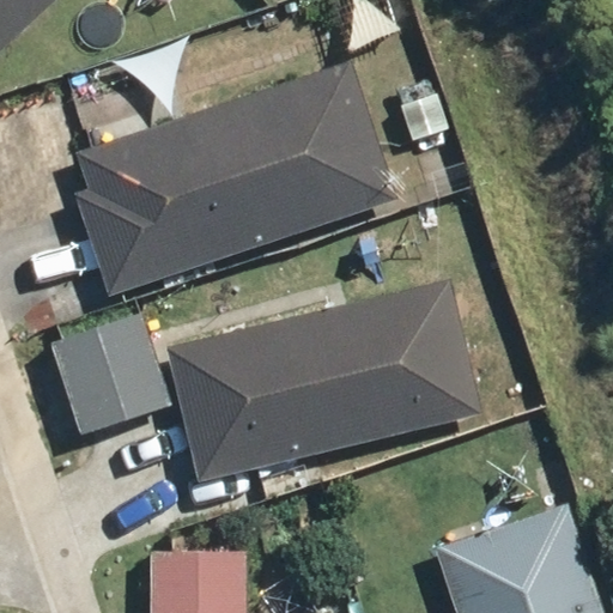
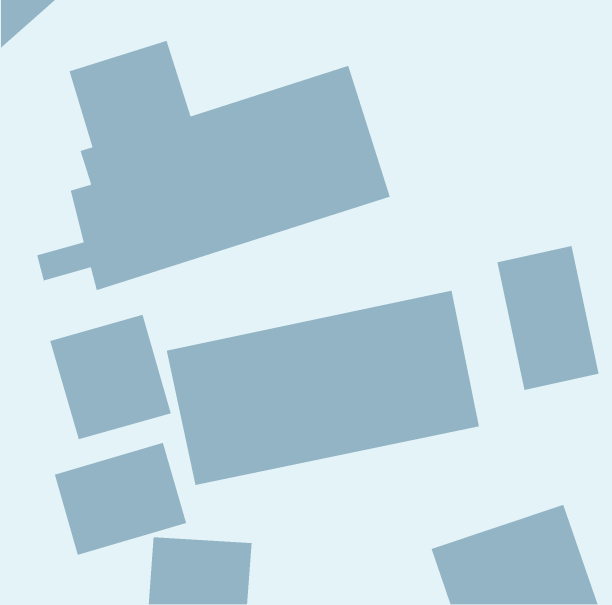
building: none -> [497,245,599,391]
building: none -> [54,442,187,556]

